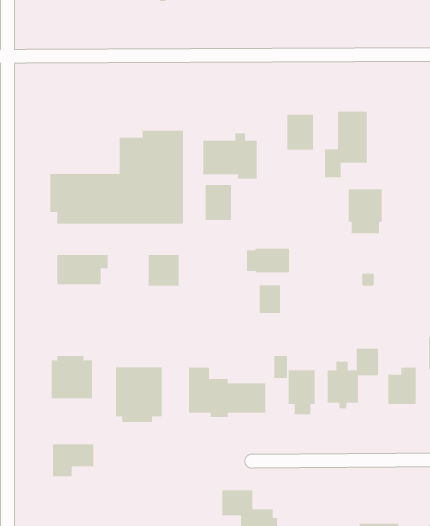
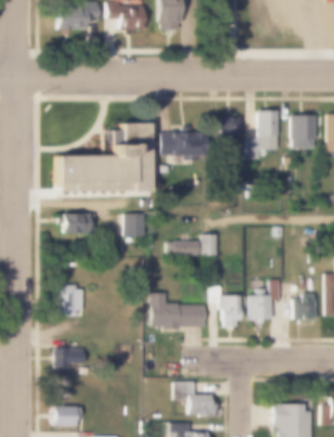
building: [205,184,231,221] -> none
building: [348,189,383,234] -> [292,115,317,147]
building: [246,248,290,273] -> [169,240,199,257]
building: [115,367,162,423] -> none

